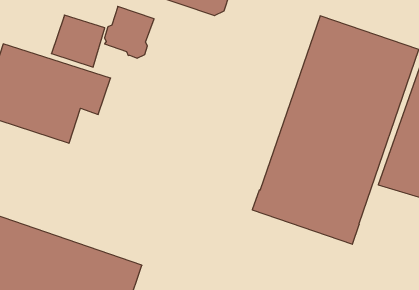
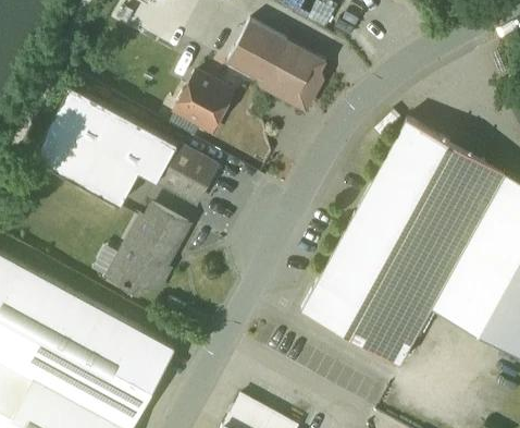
building: [51,15,105,67] -> [157,144,218,204]
building: none -> [110,205,188,292]

